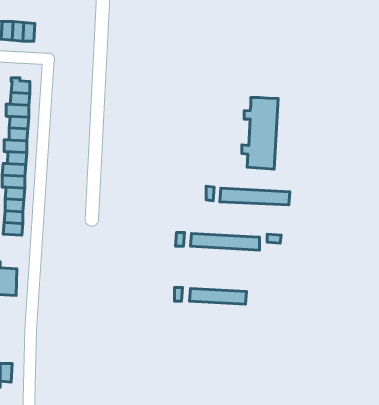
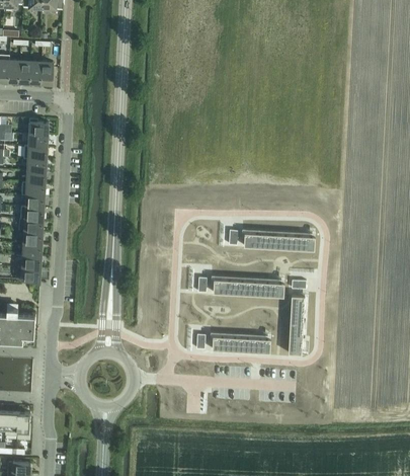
building: [242,97,278,169] -> none
building: none -> [288,295,305,353]

